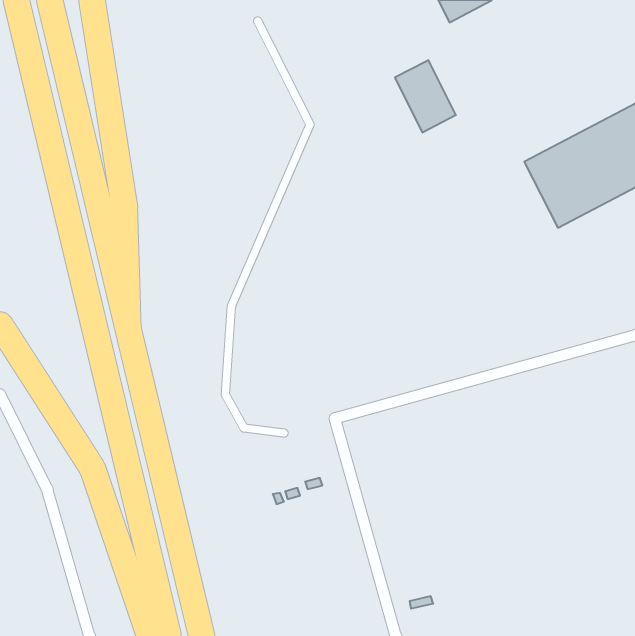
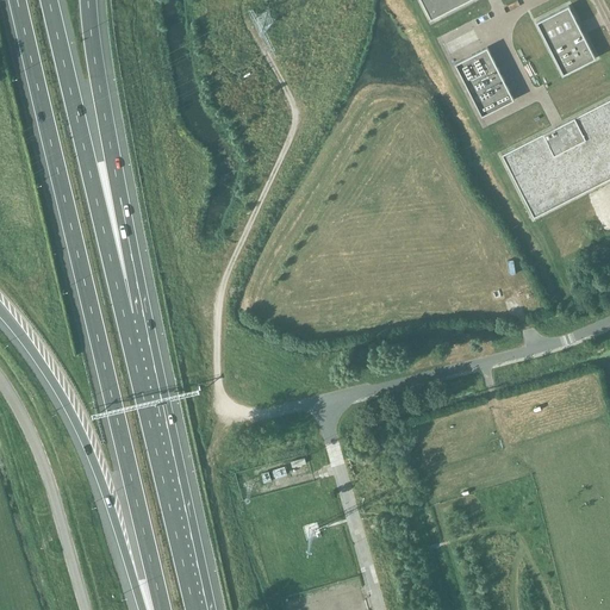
building: none -> [537,6,597,75]
building: [395,60,456,132] -> [456,48,515,117]

